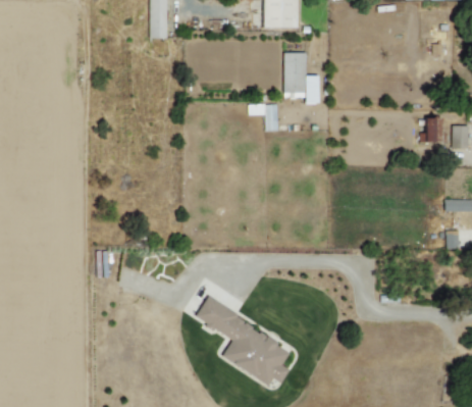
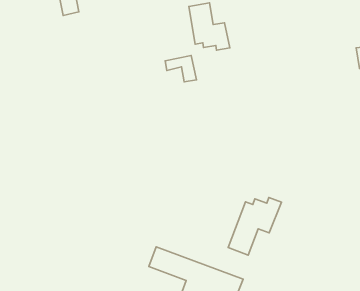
building: [420,117,442,143] -> none
building: none -> [228,197,282,255]

